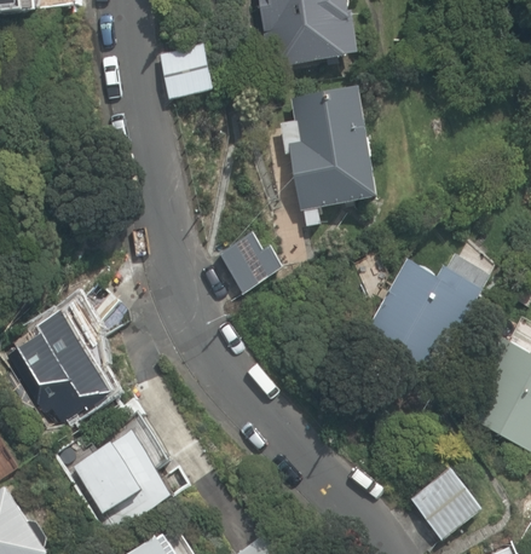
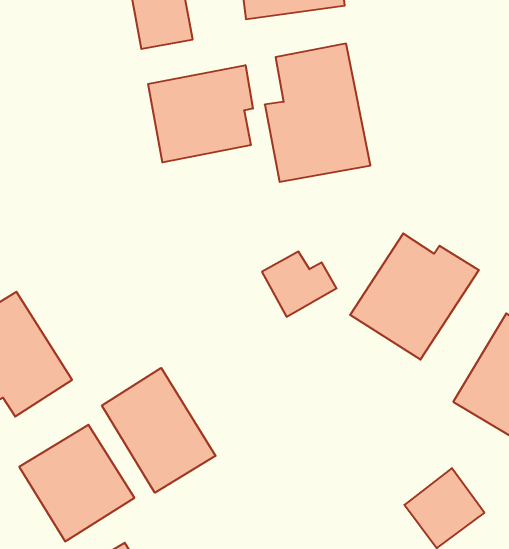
building: none -> [148,65,253,162]
building: [219,235,285,293] -> [262,252,337,317]
building: none -> [102,368,216,493]

